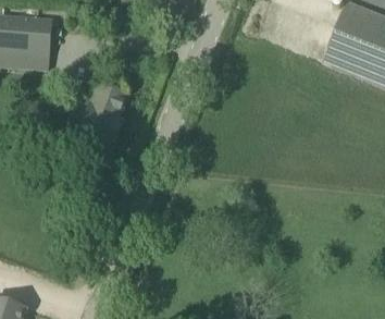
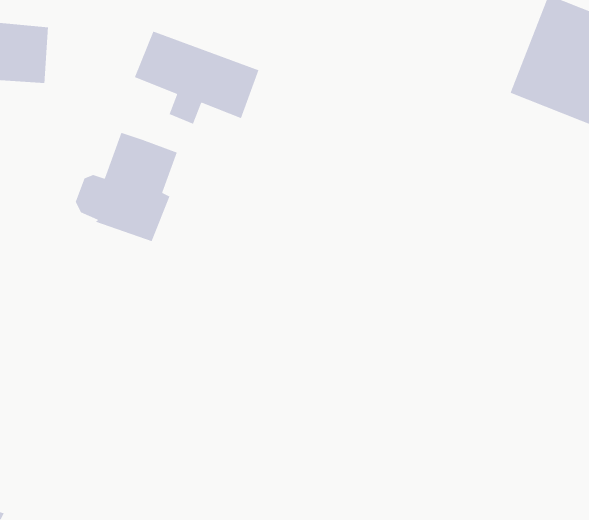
building: none -> [134,30,259,125]

